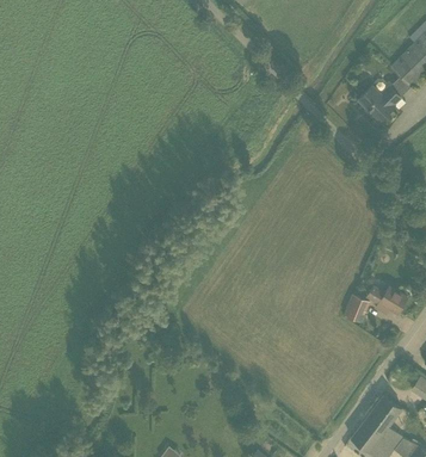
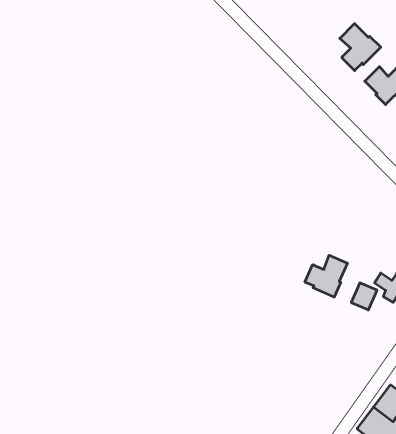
building: none -> [340,24,381,71]
building: none -> [305,255,347,297]

